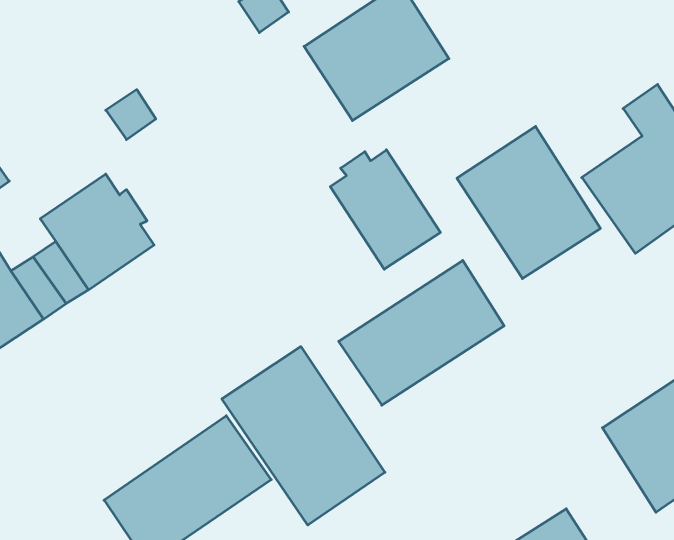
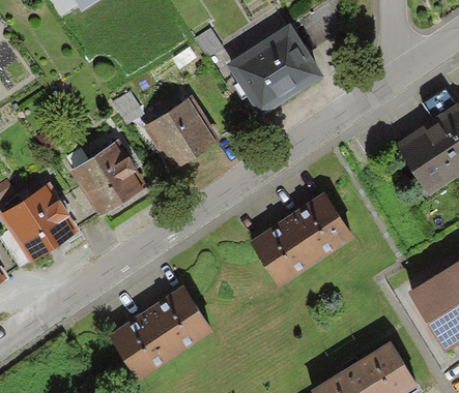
building: none -> [144,98,213,168]
building: [457,126,600,279] -> none
building: [330,150,440,269] -> none
building: [222,347,385,525] -> none

